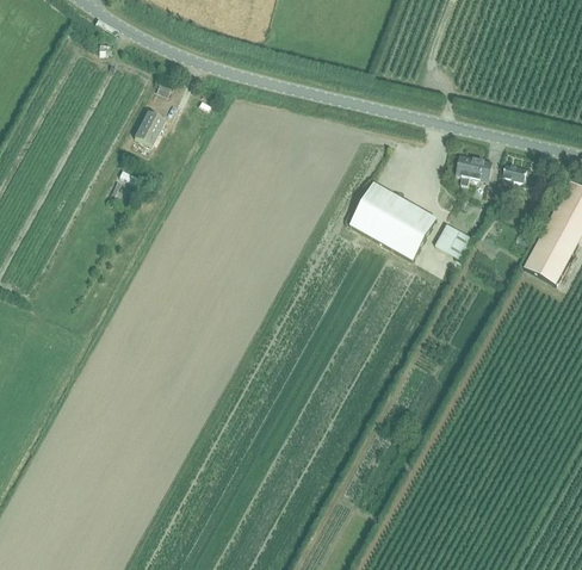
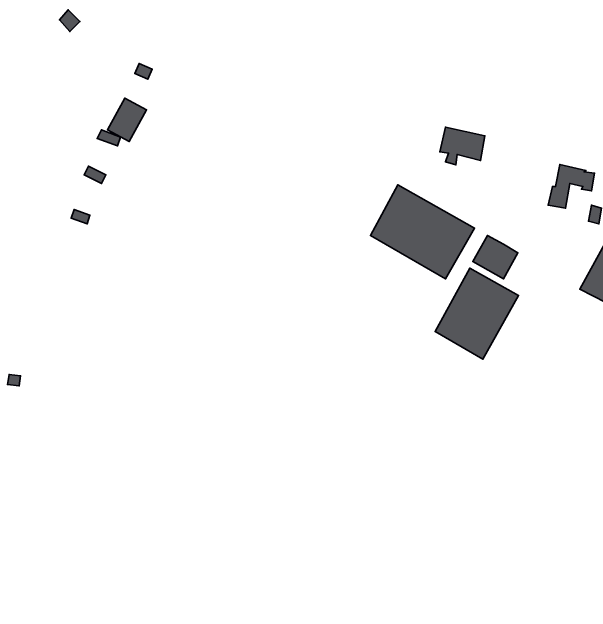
building: [454,154,491,185] -> [440,127,485,165]
building: none -> [435,268,518,359]

